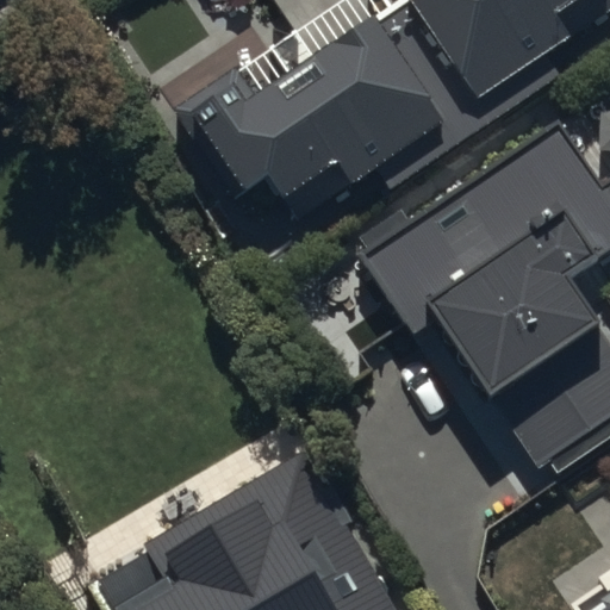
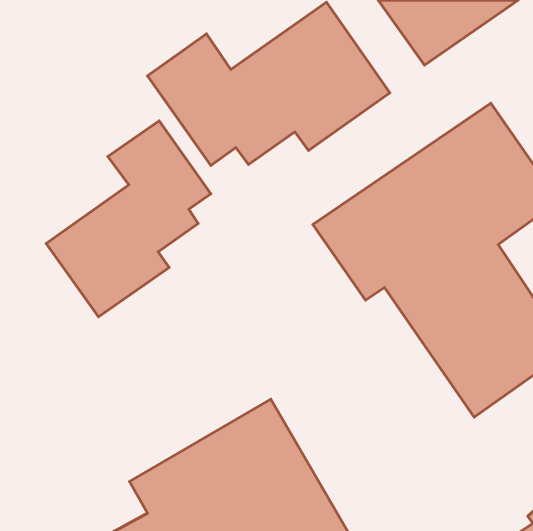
building: none -> [46,121,211,317]

